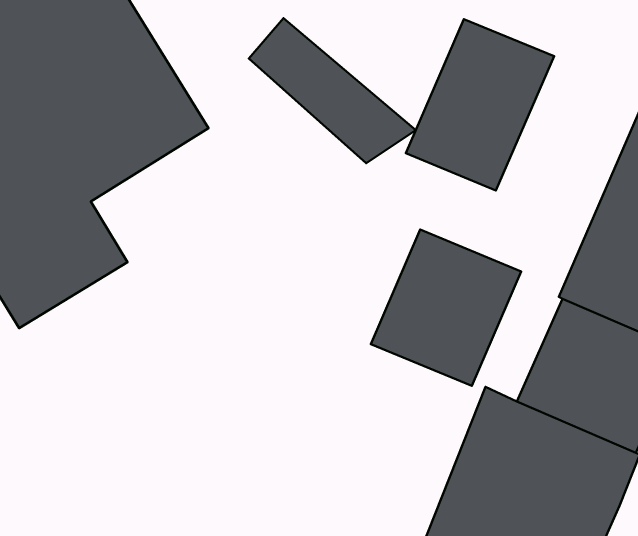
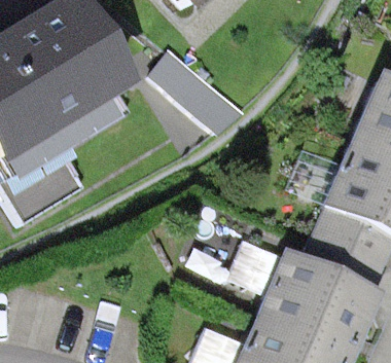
building: [406,19,554,190] -> none
building: [371,230,521,386] -> none

